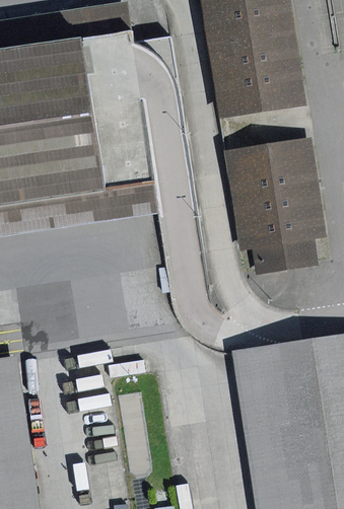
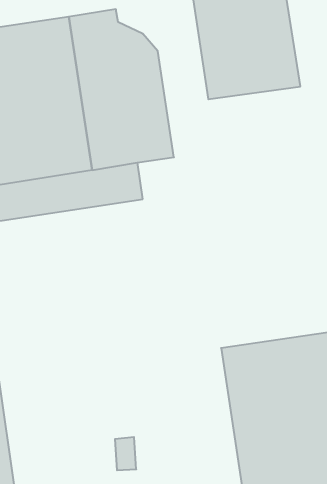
building: [223,135,326,273] -> none

